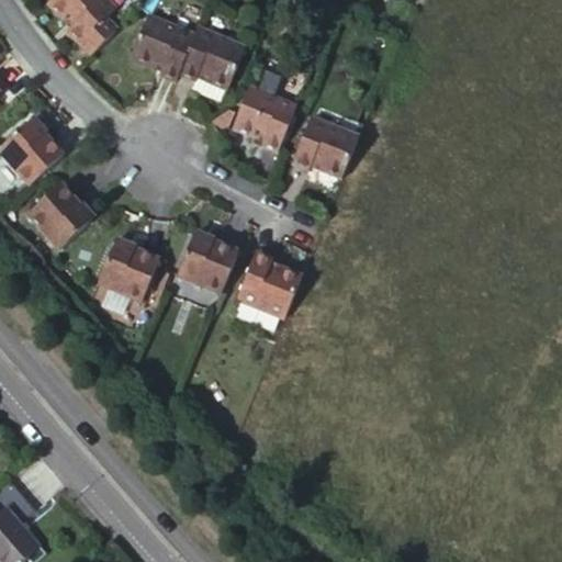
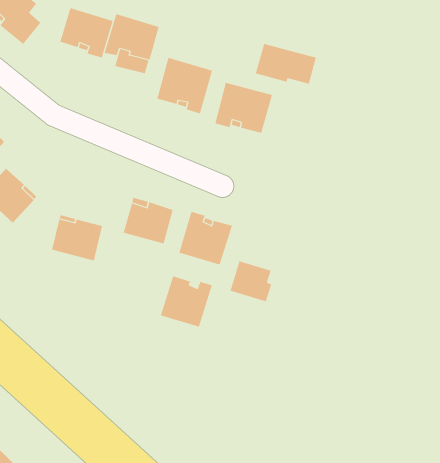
building: none -> [255,43,316,84]
building: none -> [230,260,272,302]
building: none -> [160,275,213,328]

